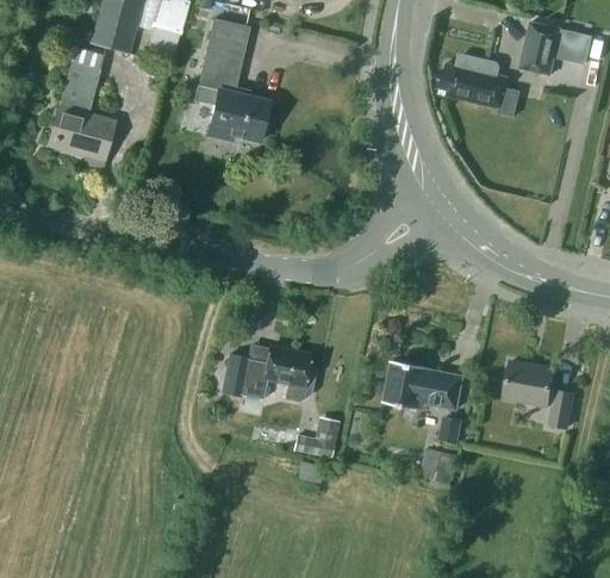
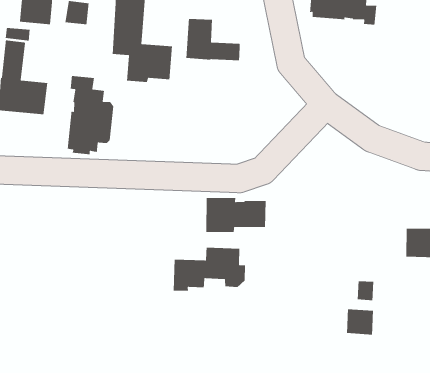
building: none -> [186,18,241,61]
building: none -> [67,75,114,155]
building: [385,361,463,409] -> [205,197,267,233]
building: [295,418,338,456] -> none

